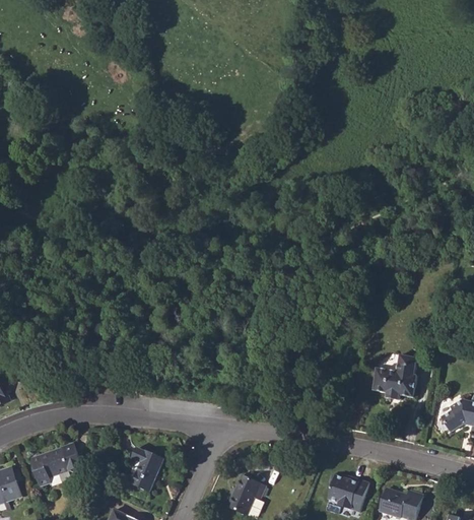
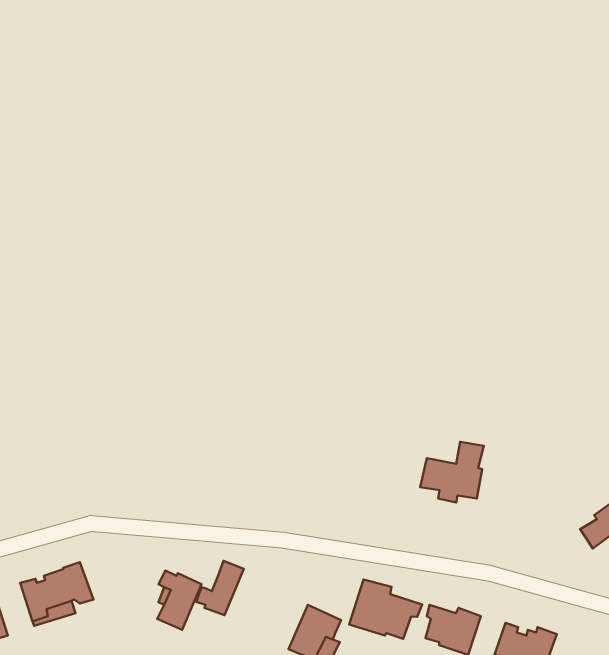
building: [373,354,419,399] -> [420,442,484,502]
building: none -> [196,561,244,615]
building: none -> [349,579,422,639]

